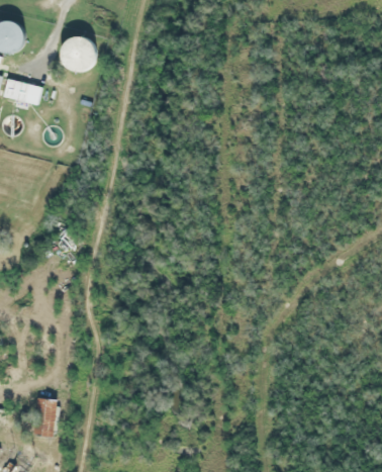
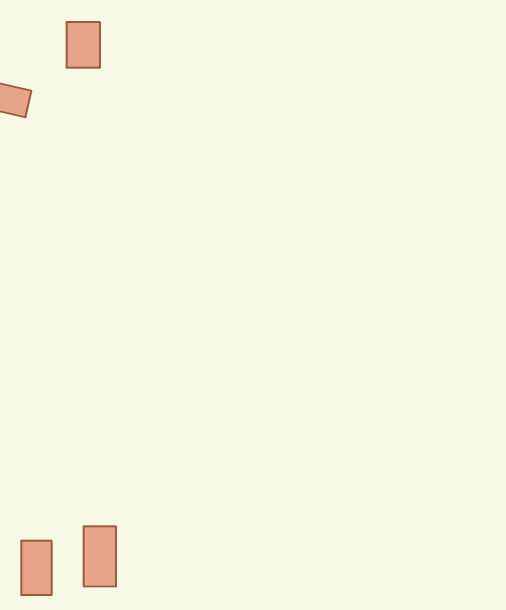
building: none -> [84,526,116,587]

